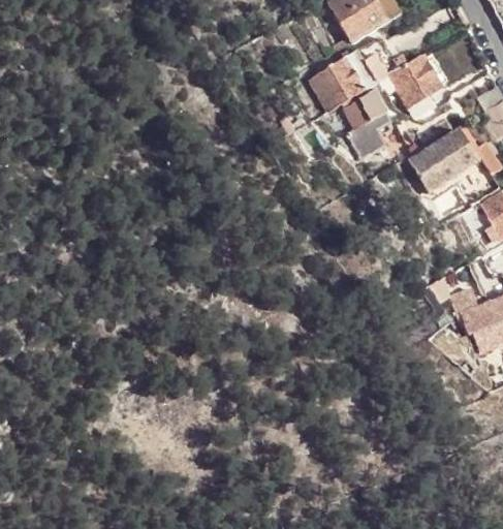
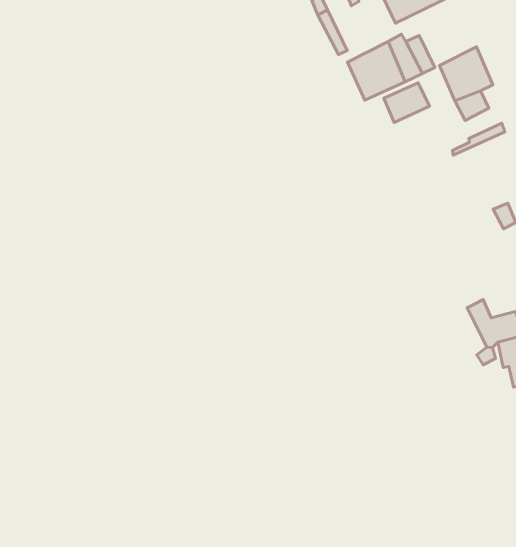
building: [348,111,391,156] -> none
building: [411,138,461,181] -> none

